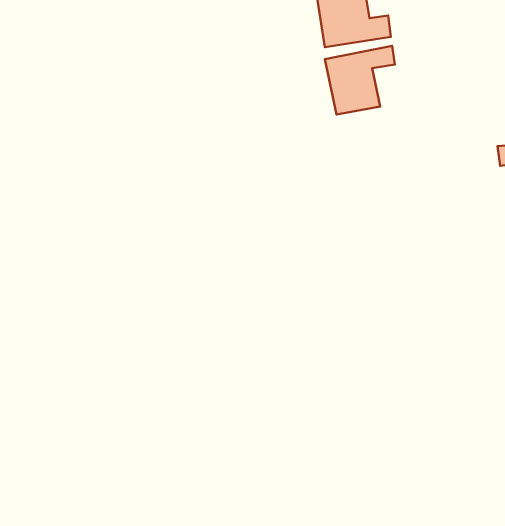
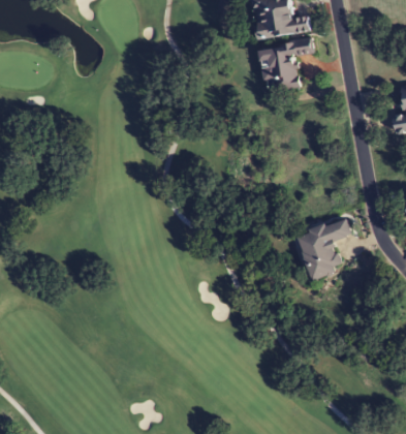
building: none -> [295,218,350,278]

